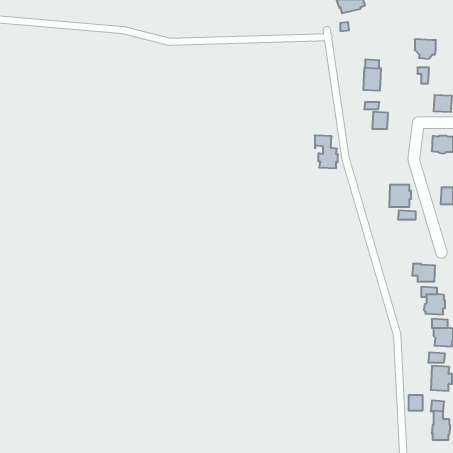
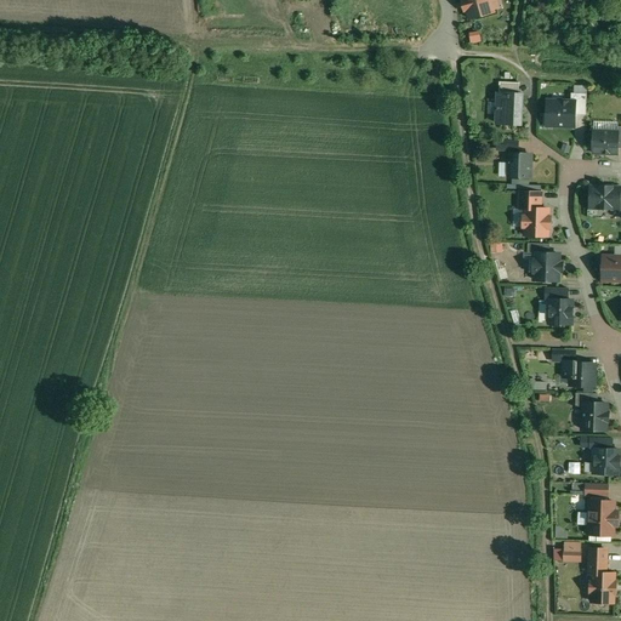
building: [415,39,436,59] -> [546,99,575,126]
building: [315,135,338,168] -> [518,190,549,235]
building: none -> [546,300,572,325]

